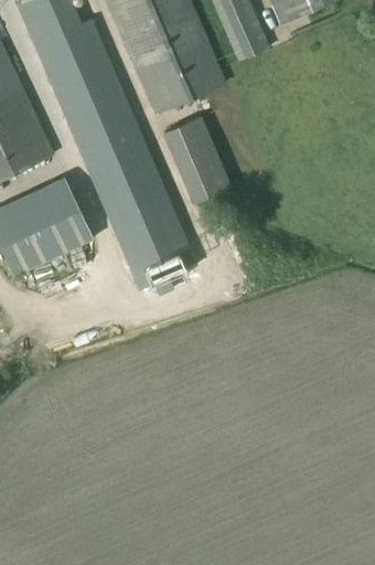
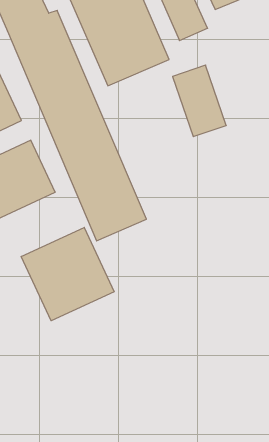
building: [159,119,222,203] -> [173,65,226,137]
building: none -> [21,227,114,321]

